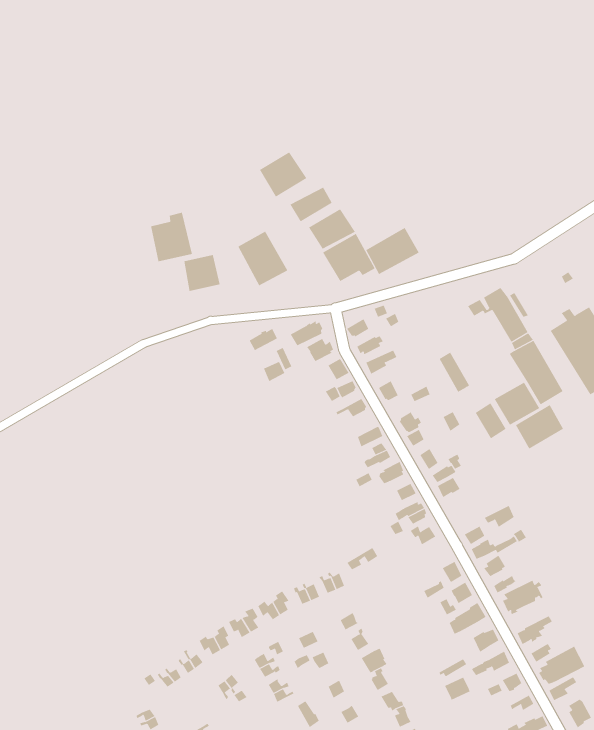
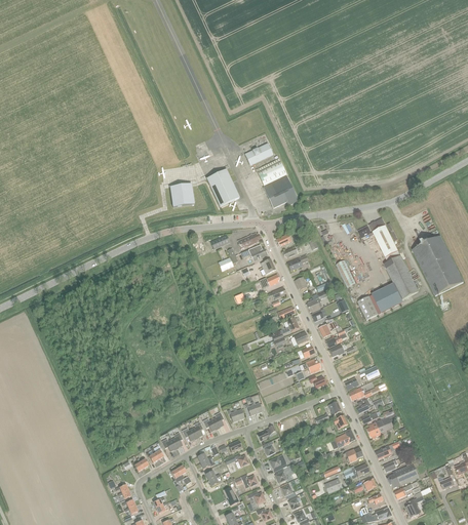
building: [259,152,307,197] -> none
building: [150,212,192,262] -> none
building: [365,227,419,275] -> none
building: [515,404,564,450] -> none

